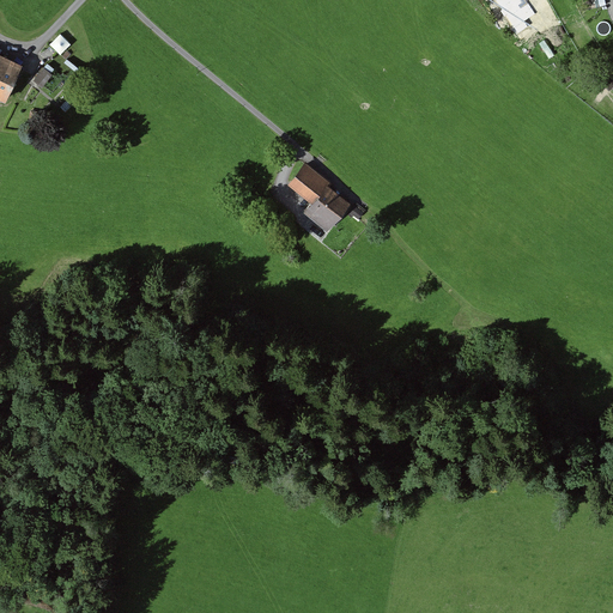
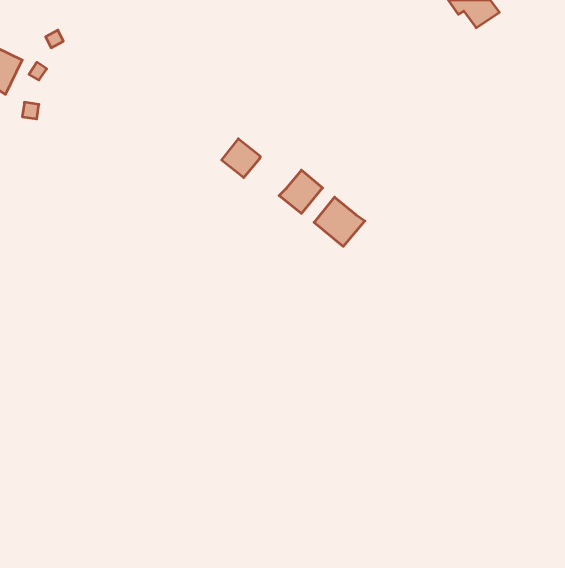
building: [284,162,326,204] -> [222,139,260,178]
building: none -> [314,197,365,246]

